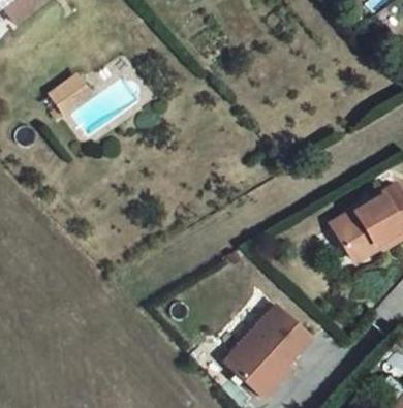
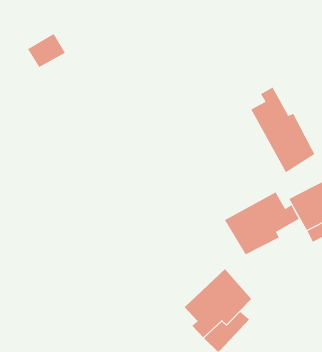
building: none -> [251,87,315,173]
building: none -> [224,191,300,255]

